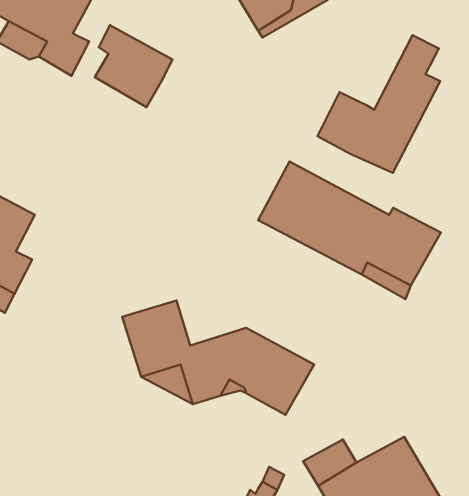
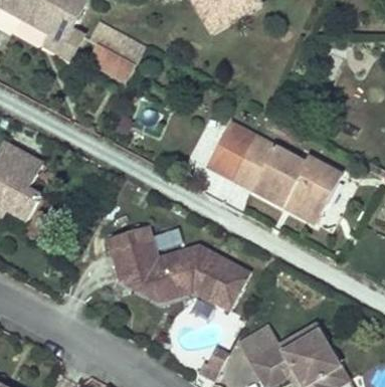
building: [317,35,440,173] -> none

